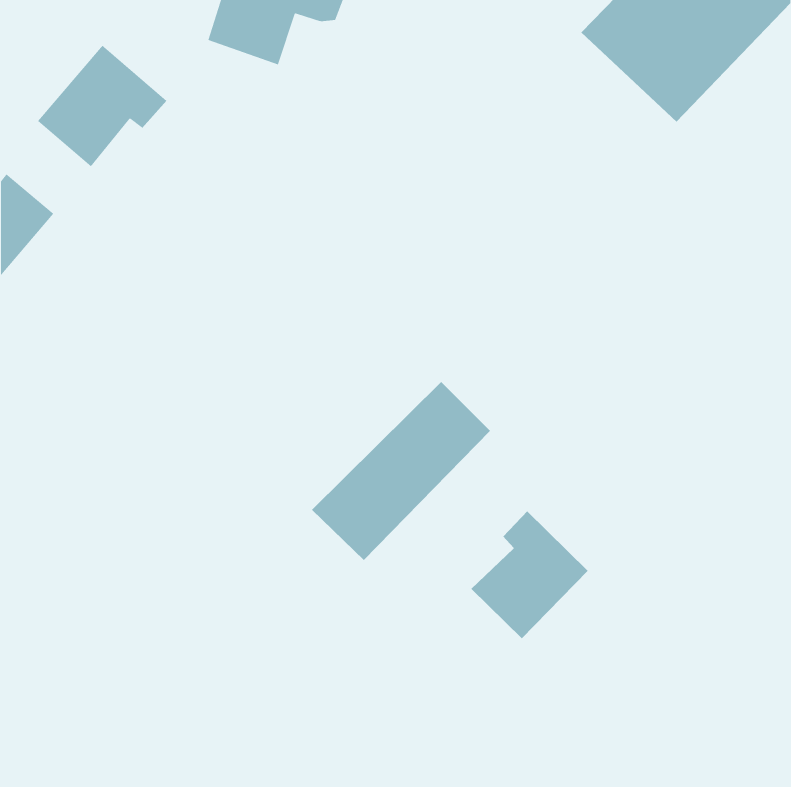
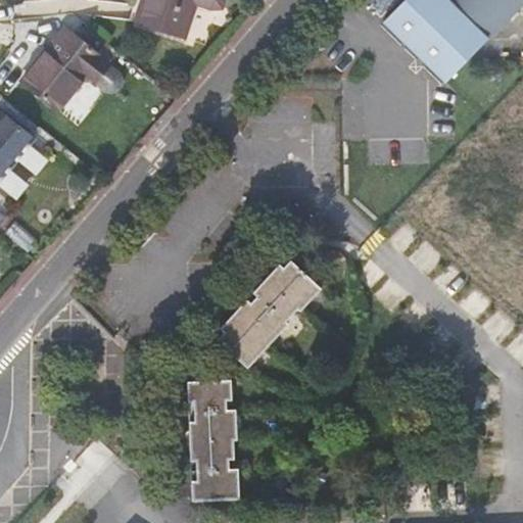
building: [471,511,589,639] -> none
building: none -> [192,378,236,503]

